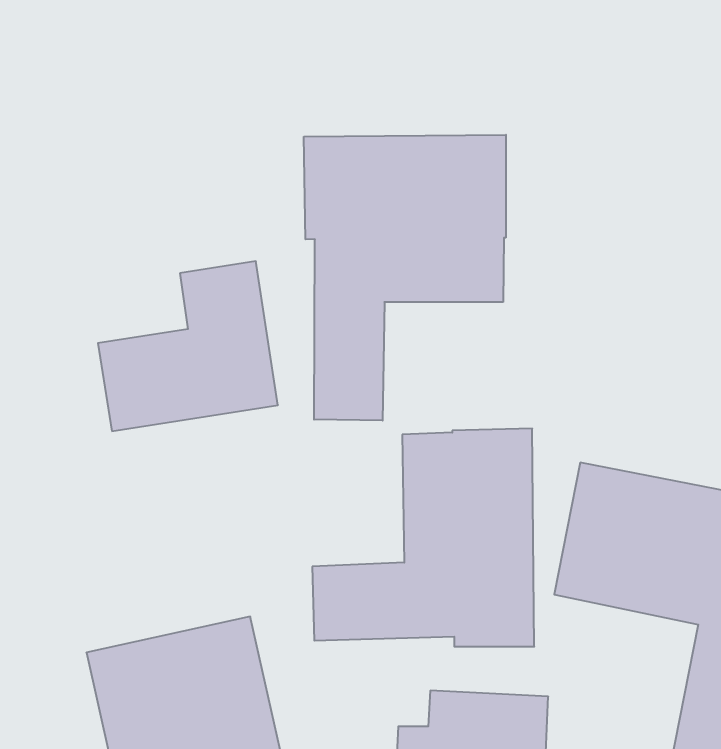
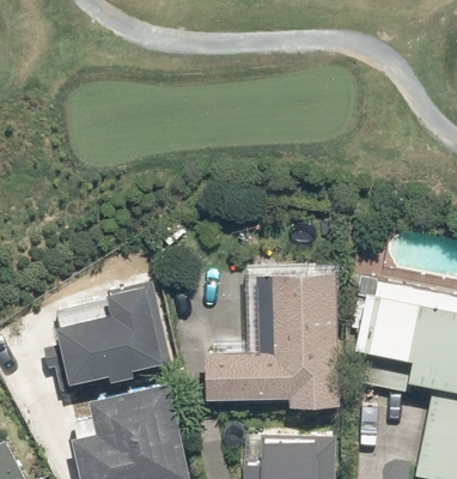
building: [304,135,506,421] -> none
building: [98,261,278,431] -> [66,285,173,387]

